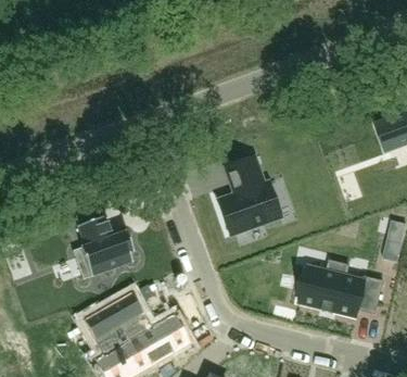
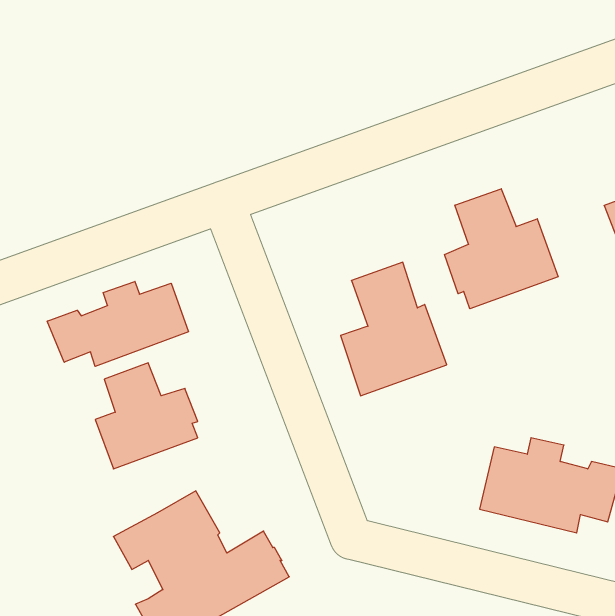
building: none -> [445,189,558,309]
building: none -> [47,281,189,366]

